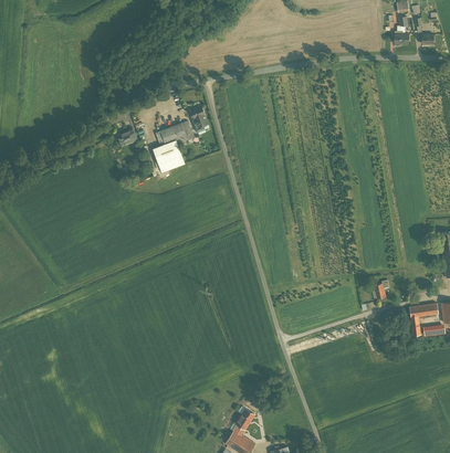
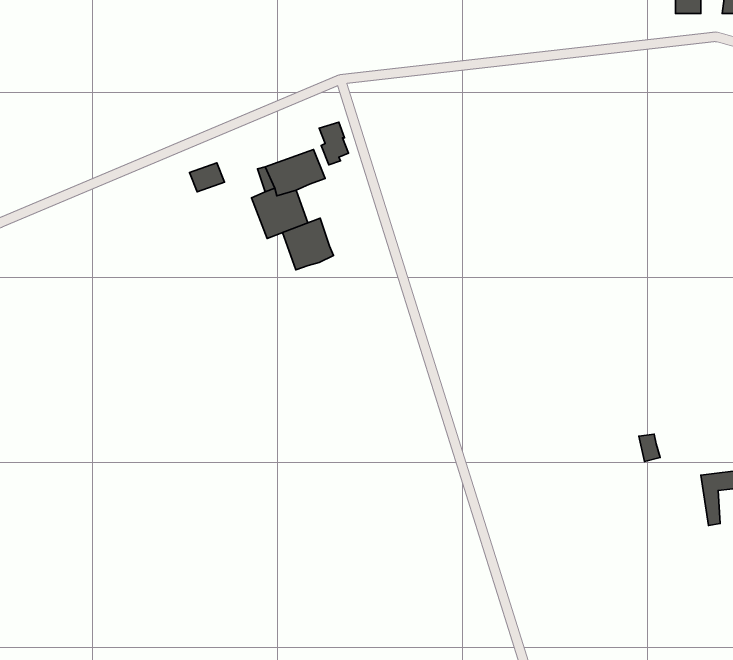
building: none -> [283,218,334,270]

